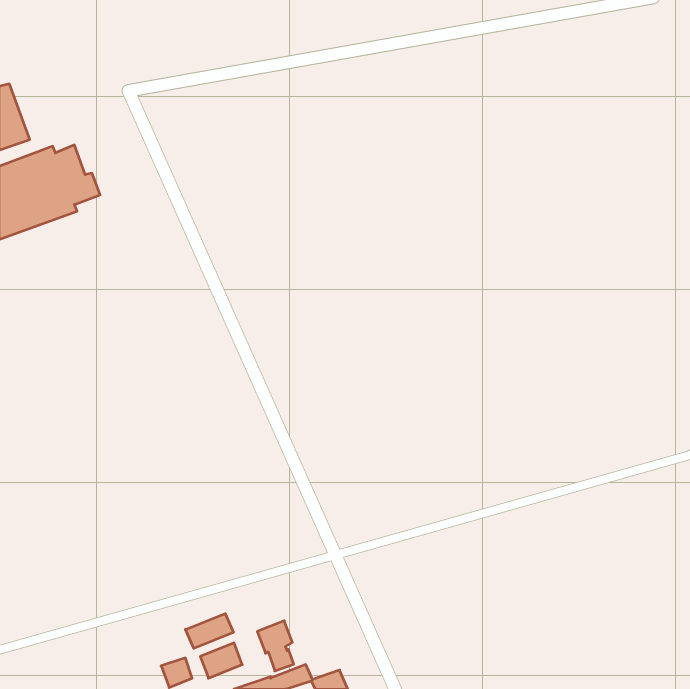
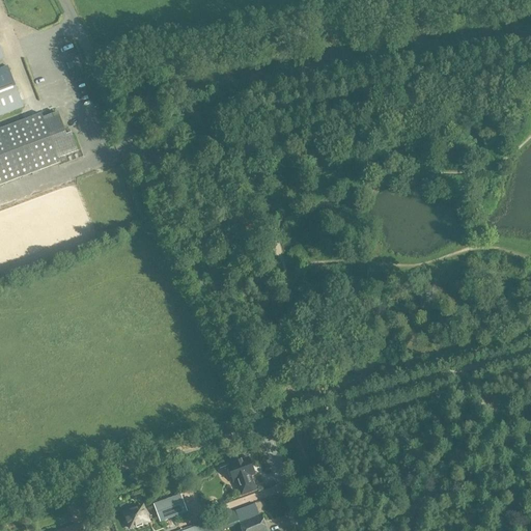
building: [185,614,233,648] -> none
building: [257,621,294,671] -> [226,455,254,494]

